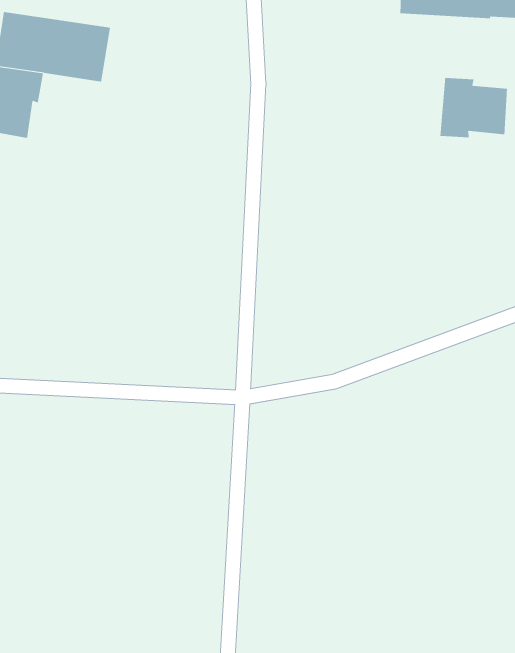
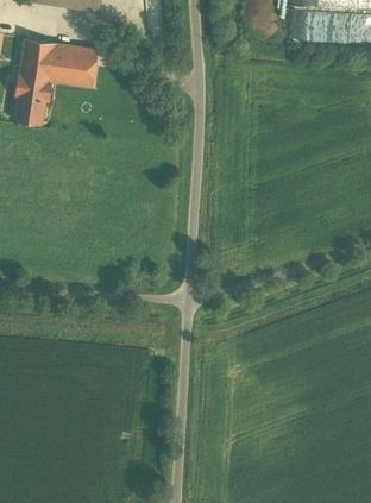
building: [440,77,507,138] -> none

